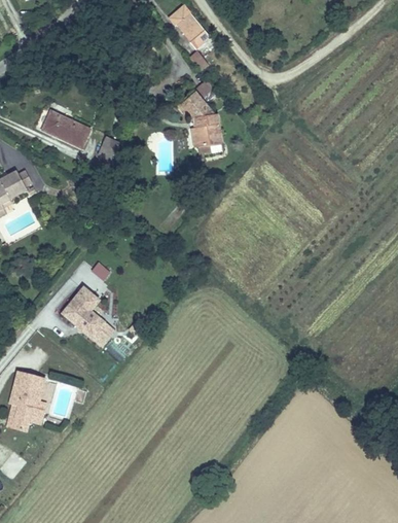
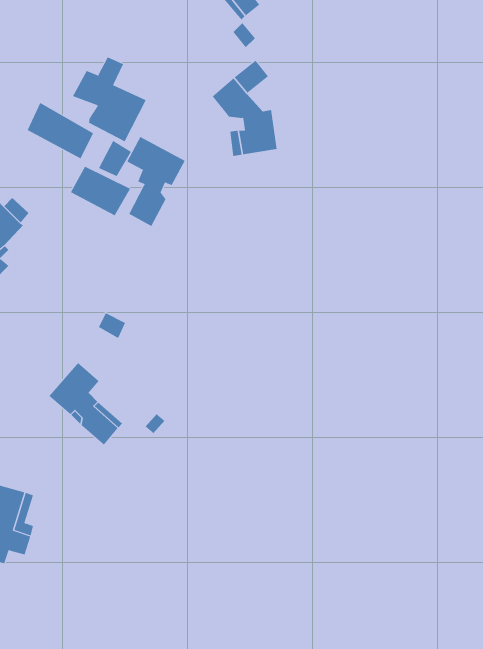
building: none -> [72,56,146,142]
building: none -> [126,136,185,227]
building: none -> [70,166,131,216]

